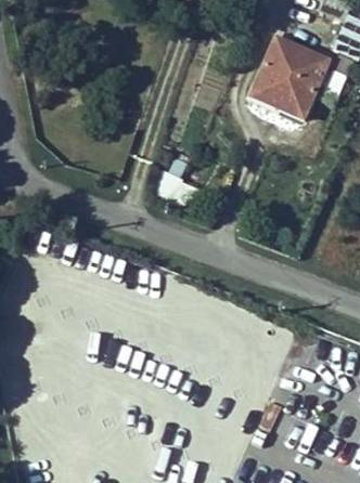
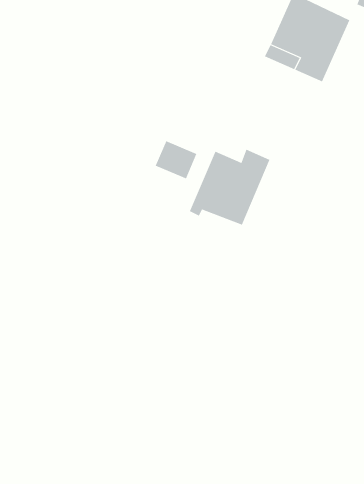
building: none -> [189,149,270,225]

